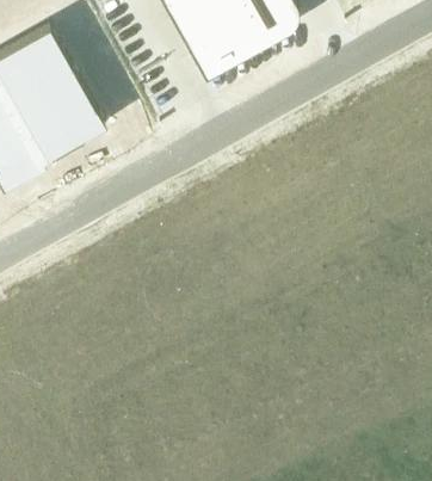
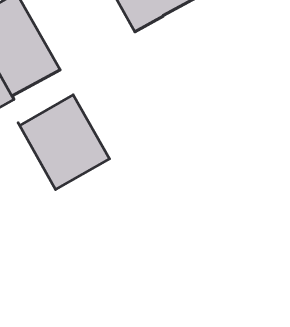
building: none -> [18,95,109,189]

